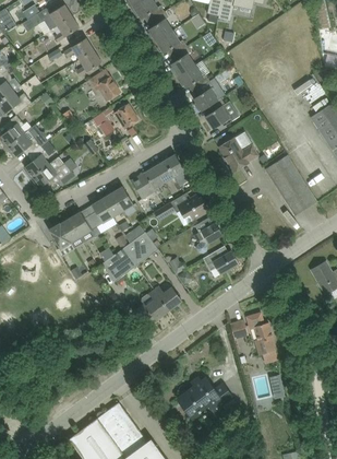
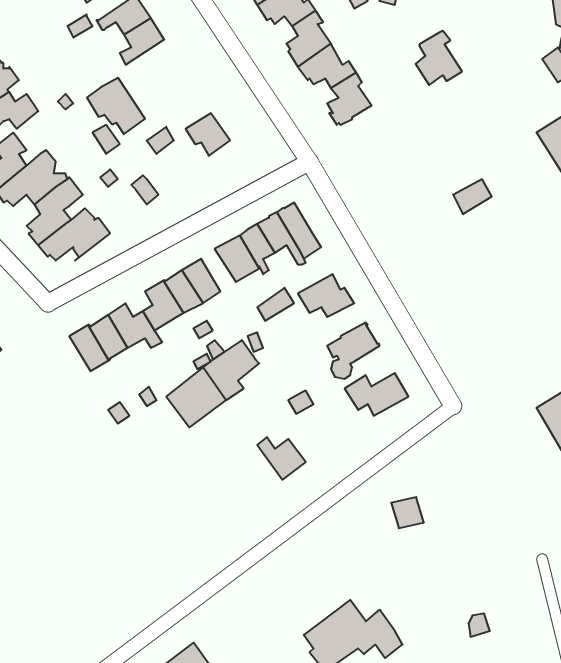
building: [88,69,121,101] -> [87,78,145,134]
building: [205,98,231,129] -> [416,31,462,85]
building: [218,139,256,173] -> none
building: [265,155,316,215] -> none
building: [134,291,168,325] -> none
building: [246,314,275,354] -> none

